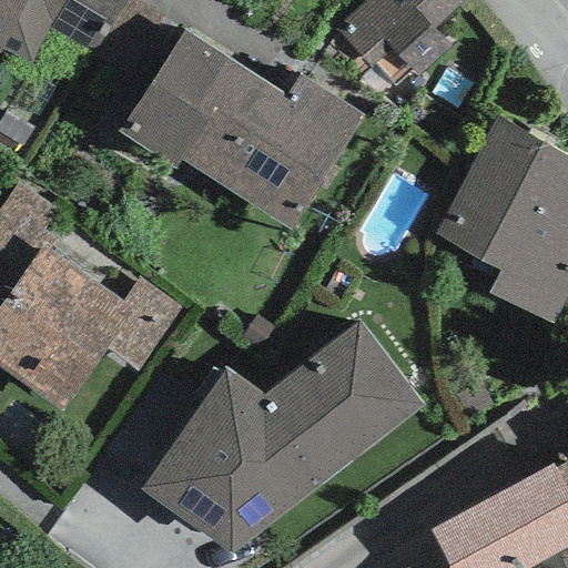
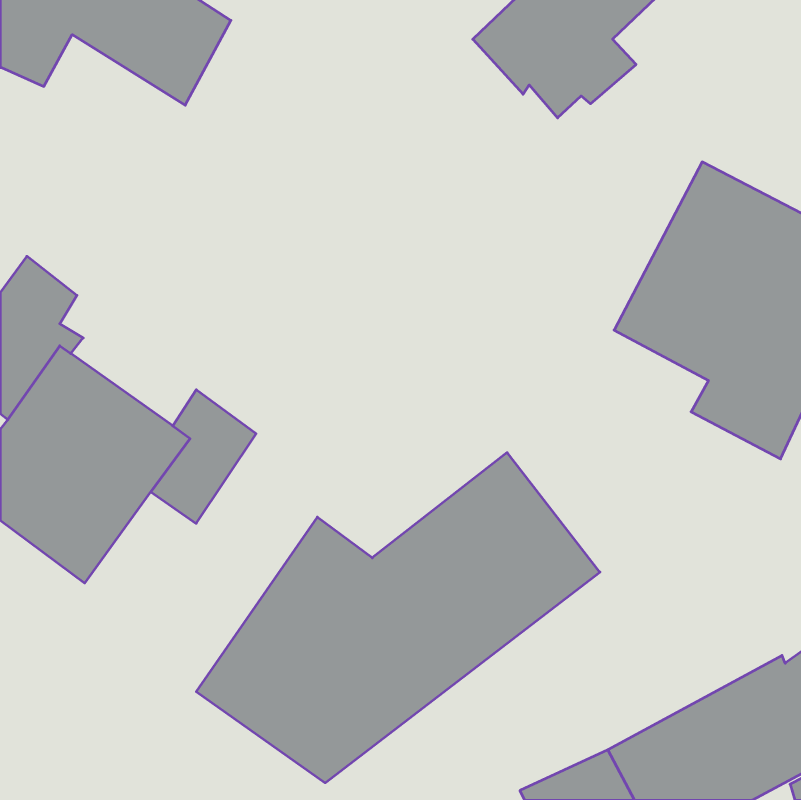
building: [119,30,365,229] -> none

